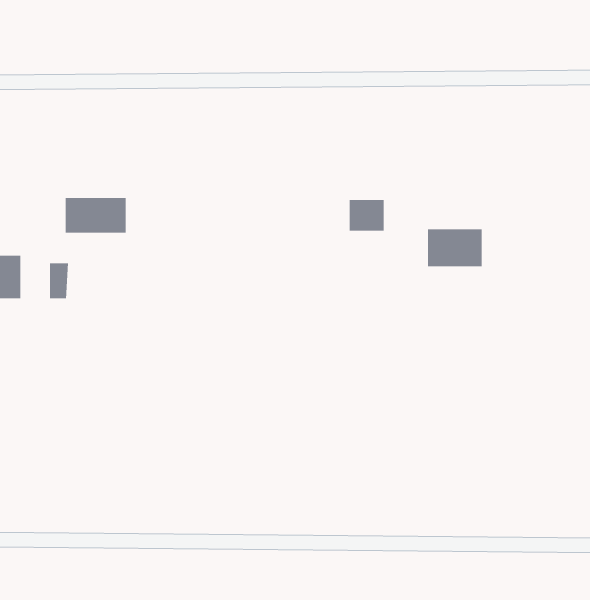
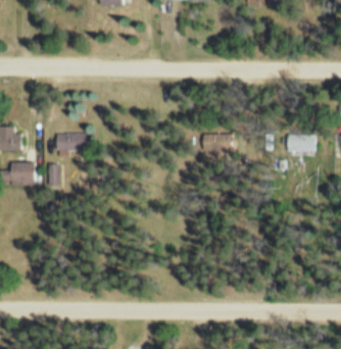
building: [427,229,483,267] -> [288,133,316,152]

